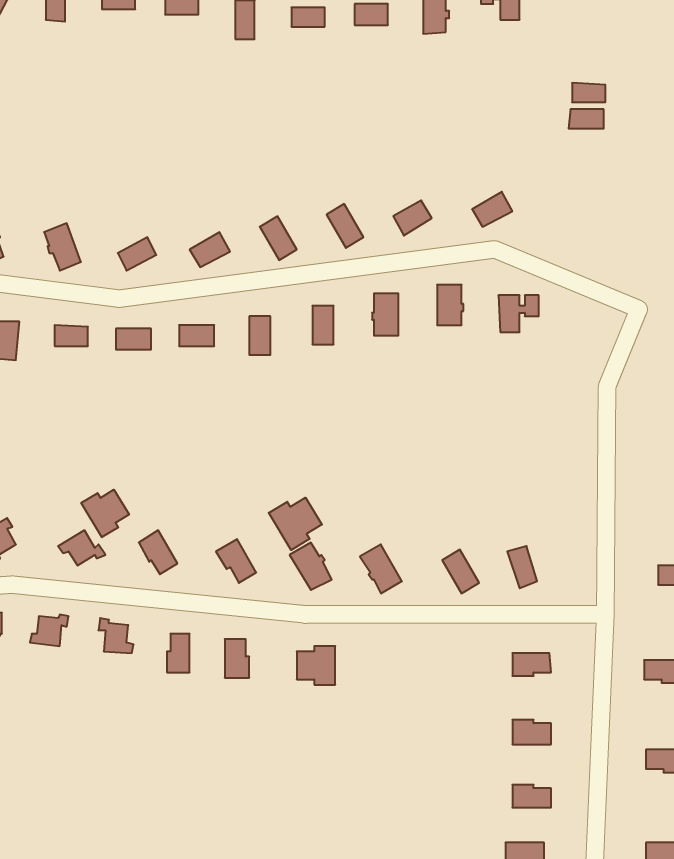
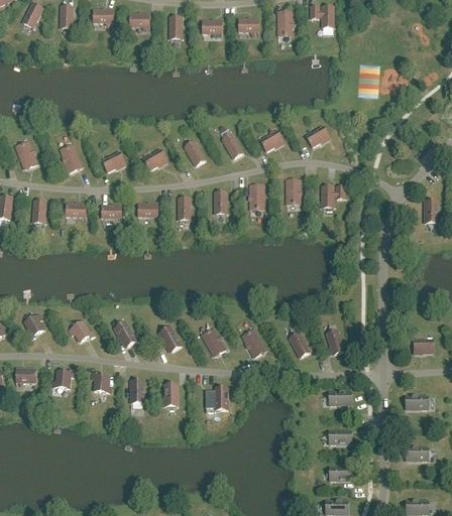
building: [81,490,129,537] -> none
building: [269,498,322,550] -> none

